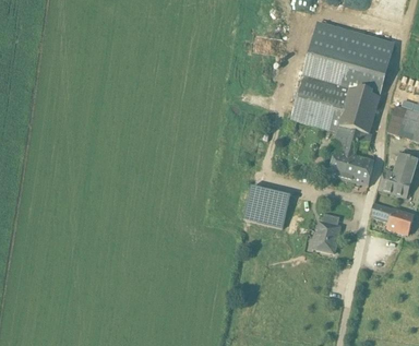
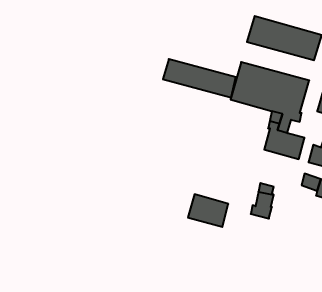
building: [302,52,385,96] -> [163,59,236,97]
building: [244,183,290,220] -> [188,194,228,227]

